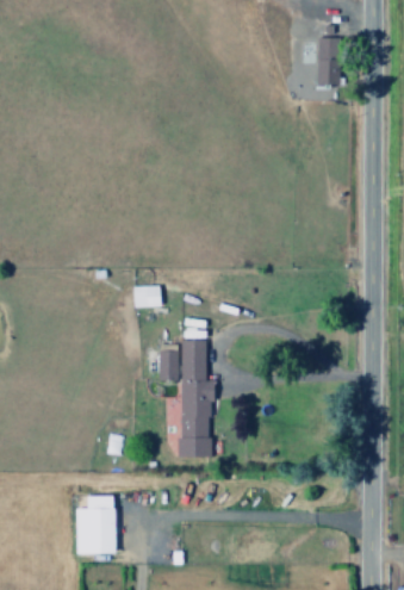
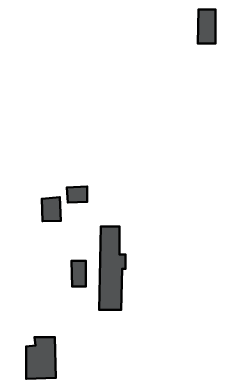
building: none -> [42,197,61,221]
building: [157,344,178,380] -> [71,261,86,286]

